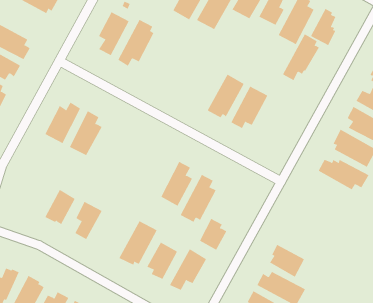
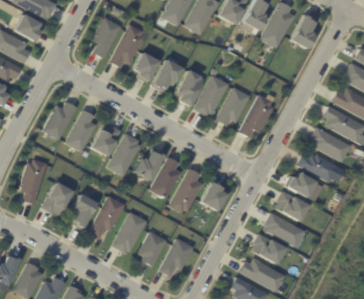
building: none -> [14,13,43,42]
building: [282,33,320,81] -> [239,94,274,138]
building: none -> [134,52,160,82]
building: none -> [152,59,183,92]
building: none -> [175,69,205,106]
building: none -> [90,123,121,156]
building: none -> [107,132,141,176]
building: none -> [133,150,163,180]
building: none -> [20,159,48,204]
building: none -> [285,171,323,201]
building: none -> [275,190,308,221]
building: none -> [89,195,126,239]
building: [199,218,227,250] -> [200,181,226,211]
building: none -> [264,212,305,247]

